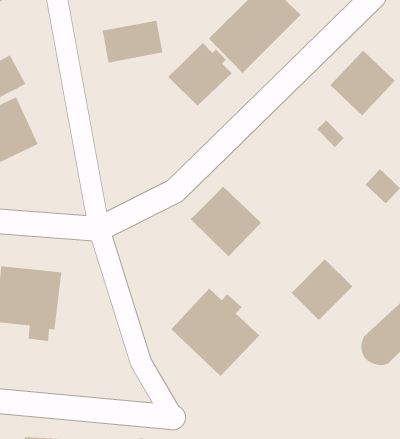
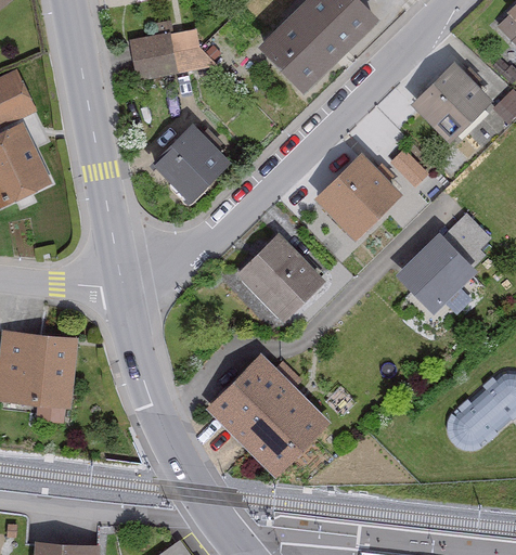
building: [168,42,233,107] -> [149,122,229,202]
building: none -> [314,151,403,240]
building: [291,258,353,321] -> [397,234,474,311]

